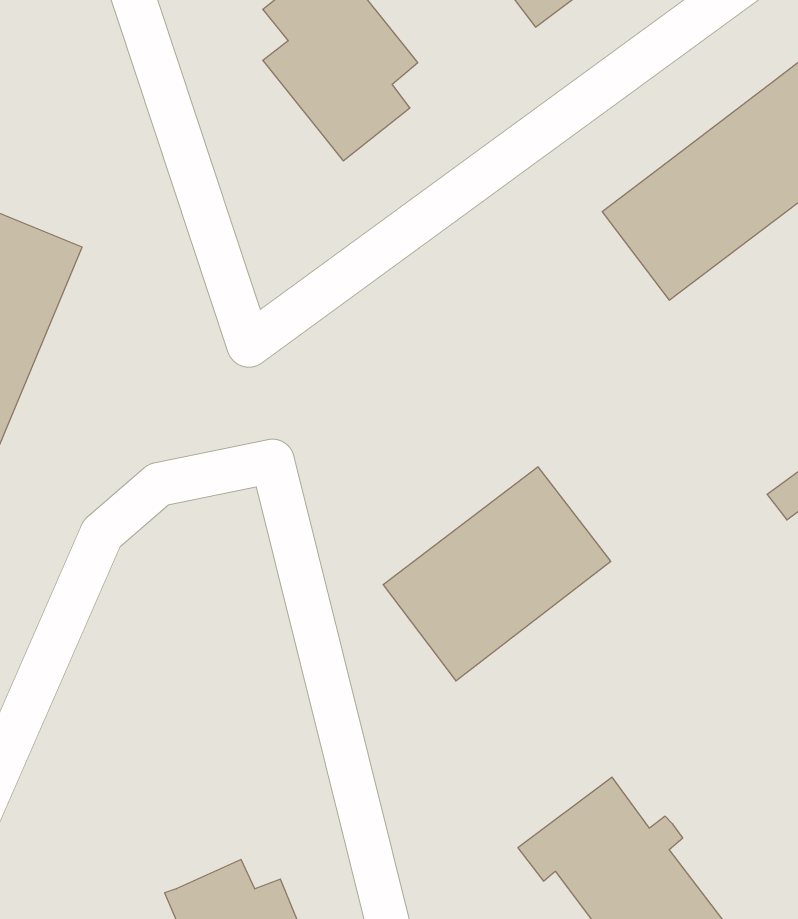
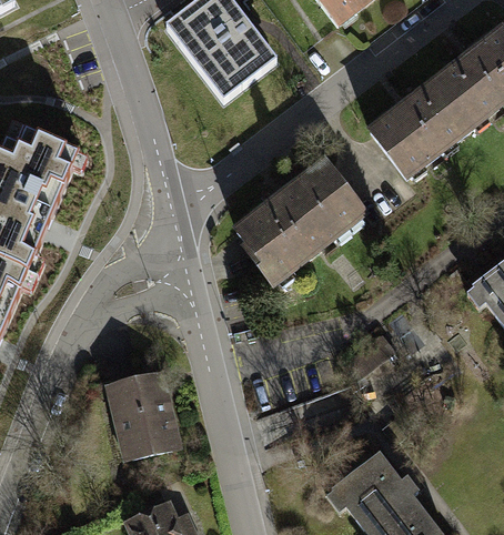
building: [383,467,611,681] -> [235,162,364,283]
building: none -> [109,369,178,455]

